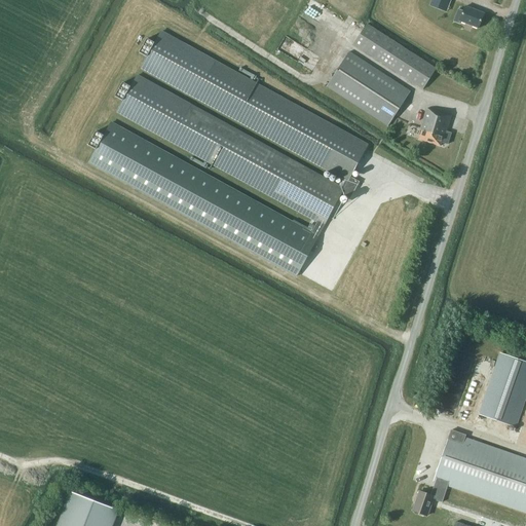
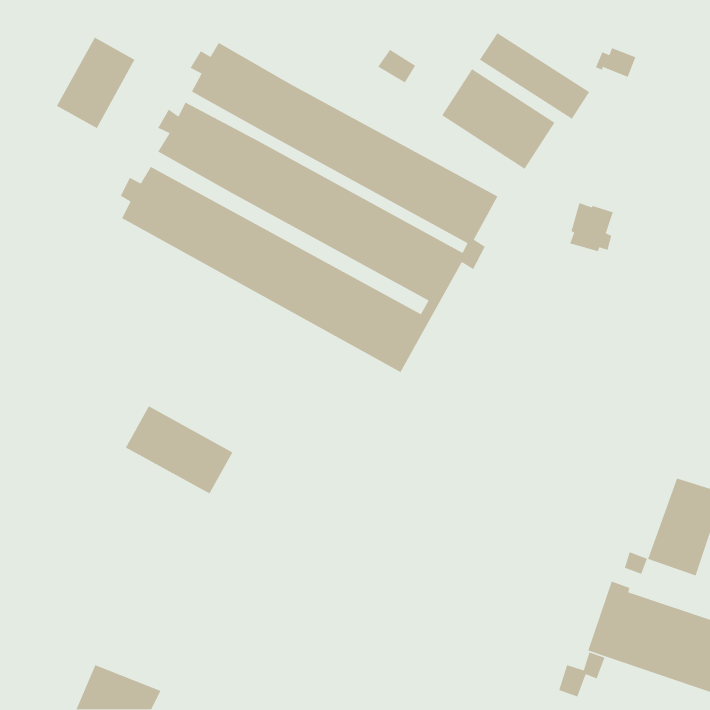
building: [454,5,485,28] -> [595,47,637,78]
building: none -> [56,37,136,129]
building: [419,108,452,145] -> [569,202,614,252]
building: none -> [125,405,233,495]

